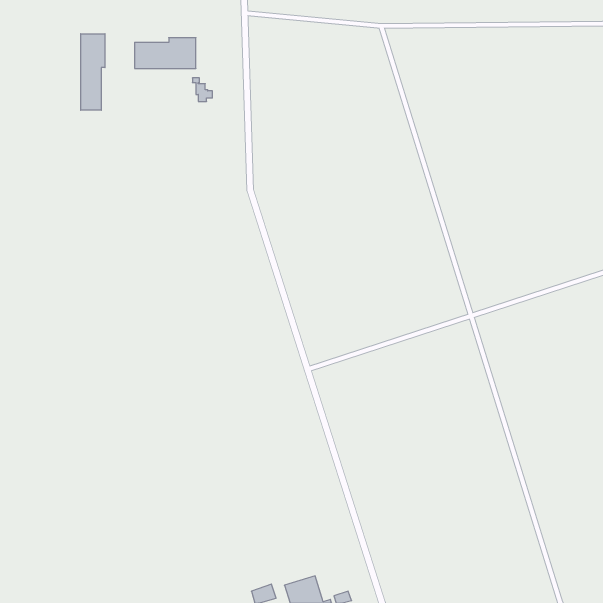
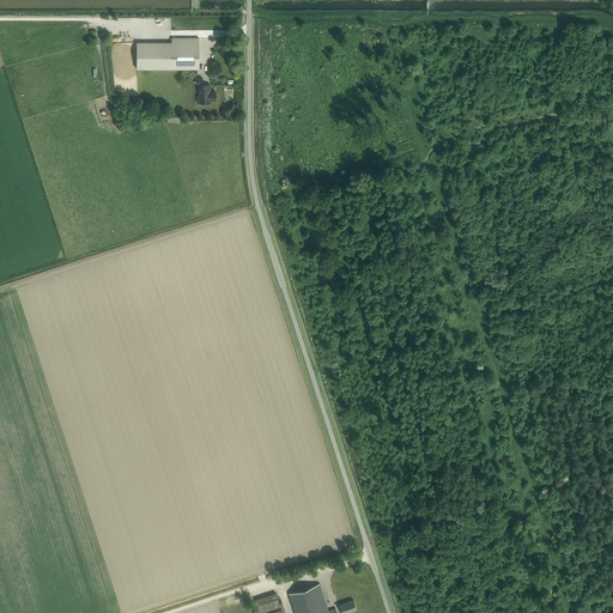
building: [81,34,105,110] -> none

